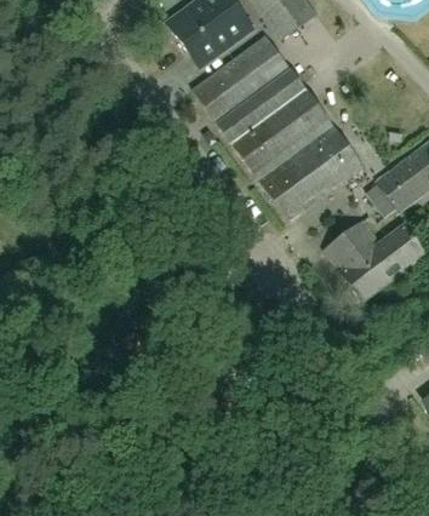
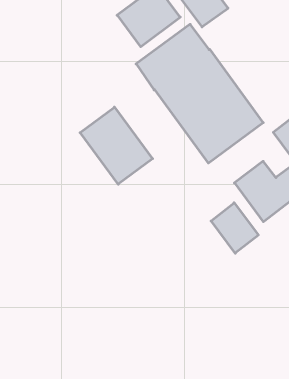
building: none -> [80,107,153,184]
building: none -> [211,203,258,253]

